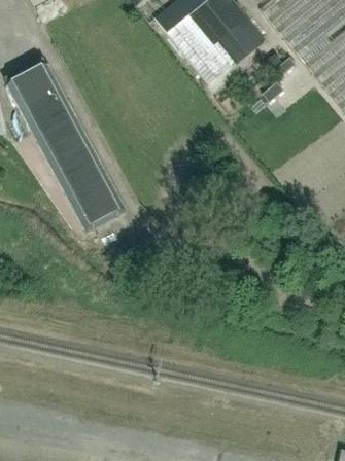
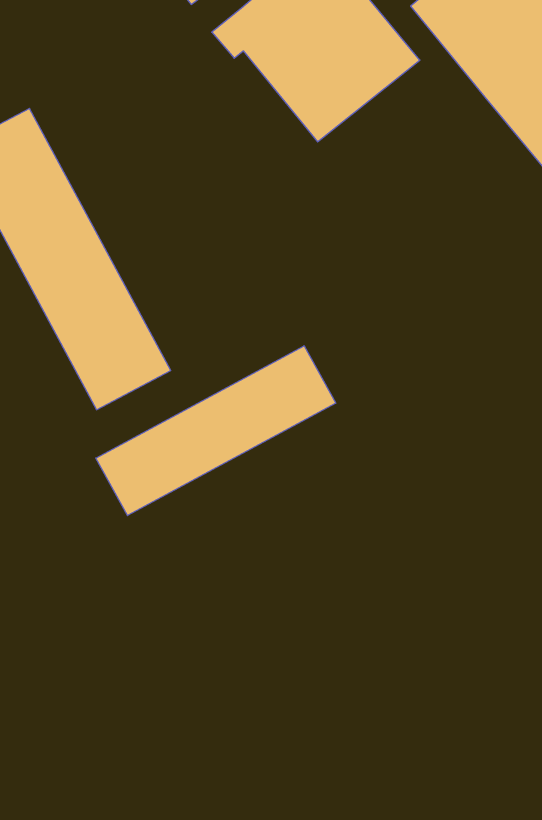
building: none -> [96,346,336,516]

